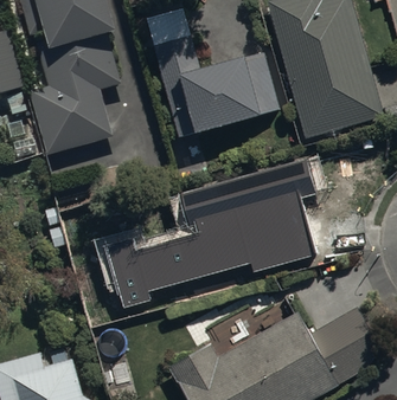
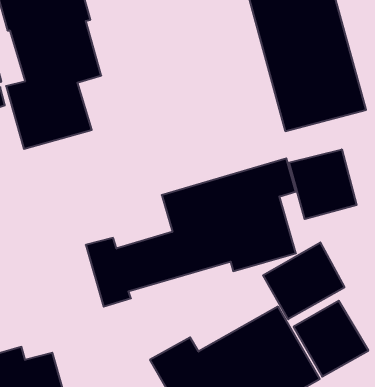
building: [152,31,281,137] -> none
building: none -> [289,149,357,219]
building: none -> [263,242,344,319]

